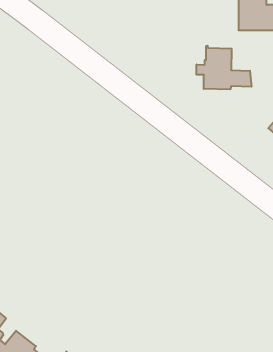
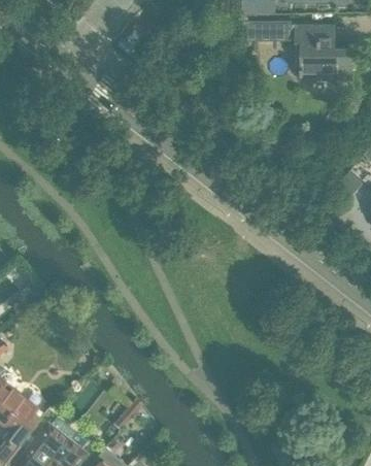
building: [197,46,251,89] -> none

